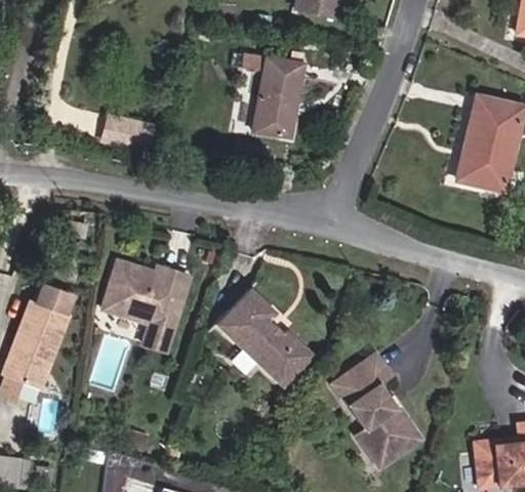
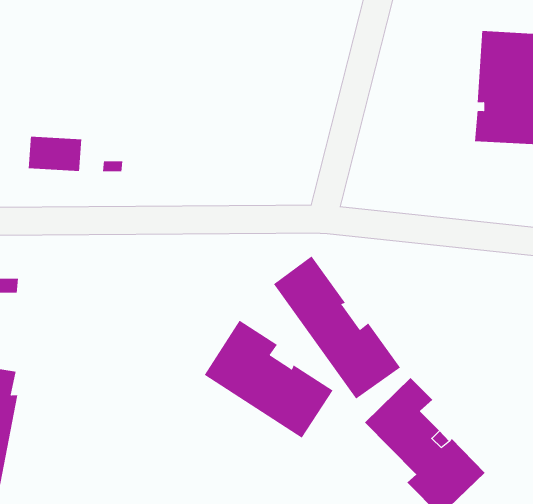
building: [243,54,305,137] -> none
building: none -> [273,256,401,400]
building: [102,260,189,351] -> none

